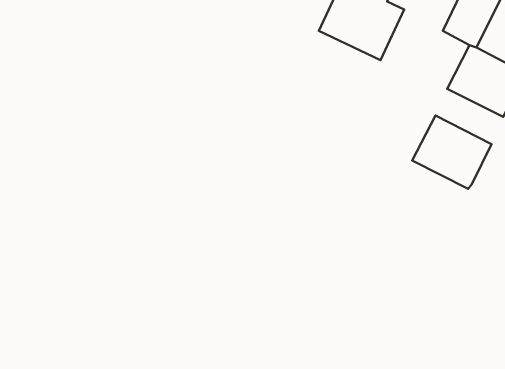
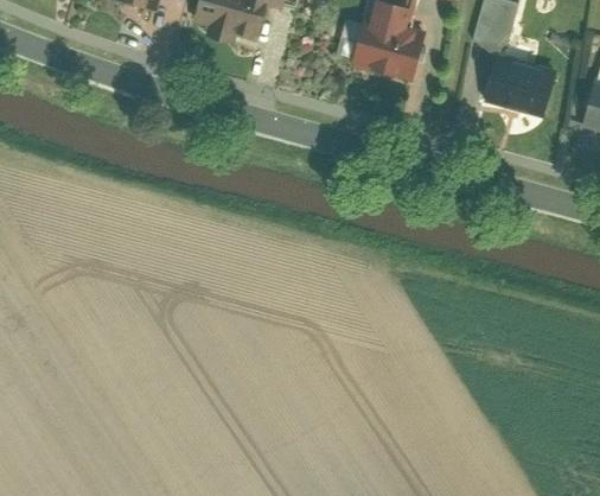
building: [412,116,492,189] -> none

